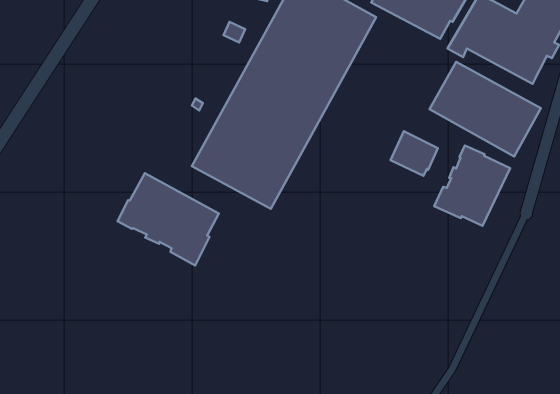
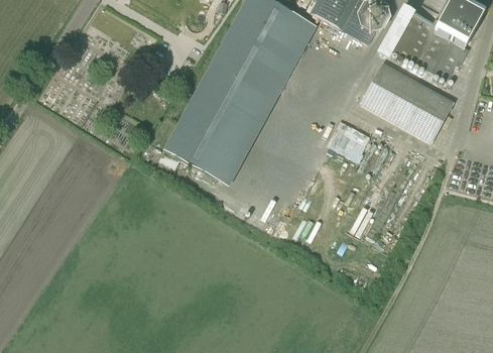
building: [434,145,510,226] -> none
building: [117,173,219,265] -> none

